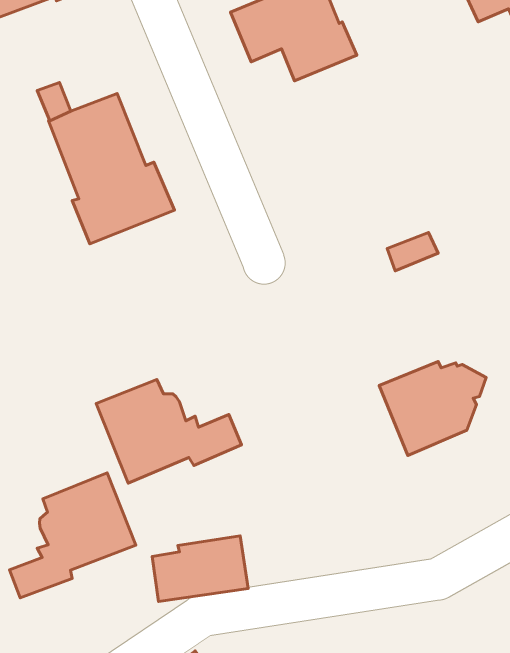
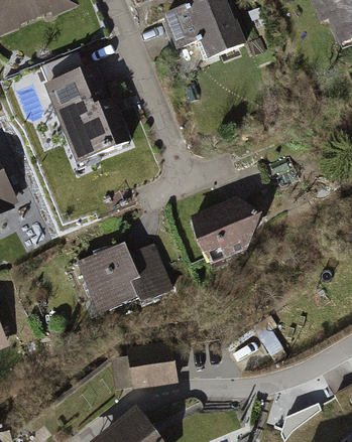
building: [379,361,486,456] -> [193,203,260,263]
building: [10,473,136,598] -> none

